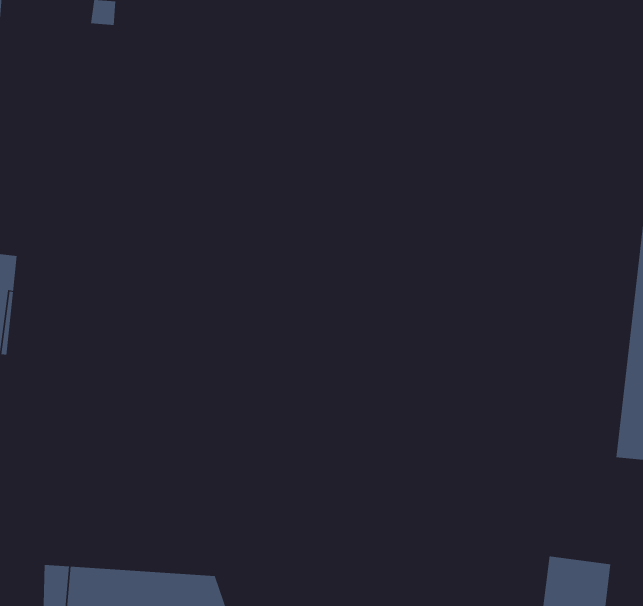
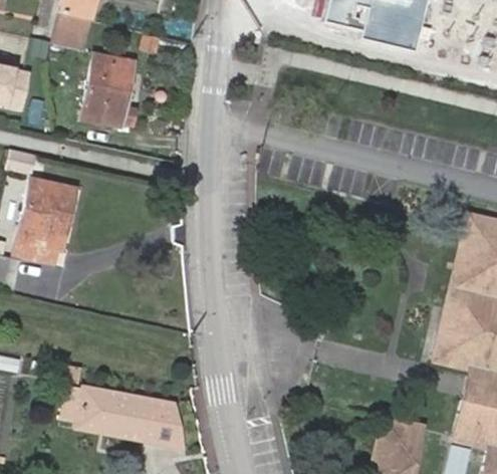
building: none -> [82,53,133,126]

